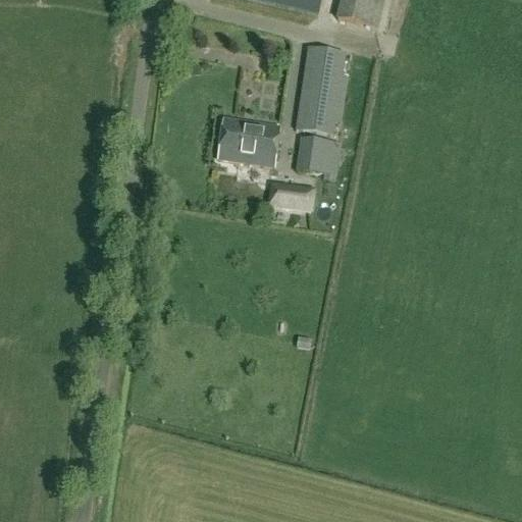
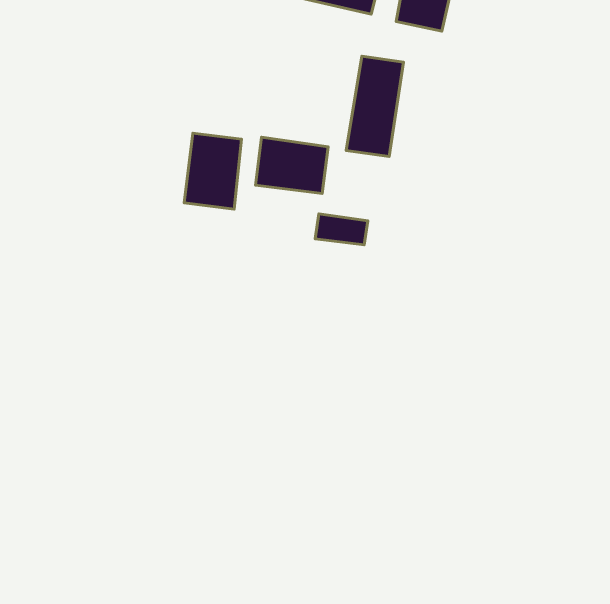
building: none -> [184,133,242,209]
building: [297,138,338,174] -> none

